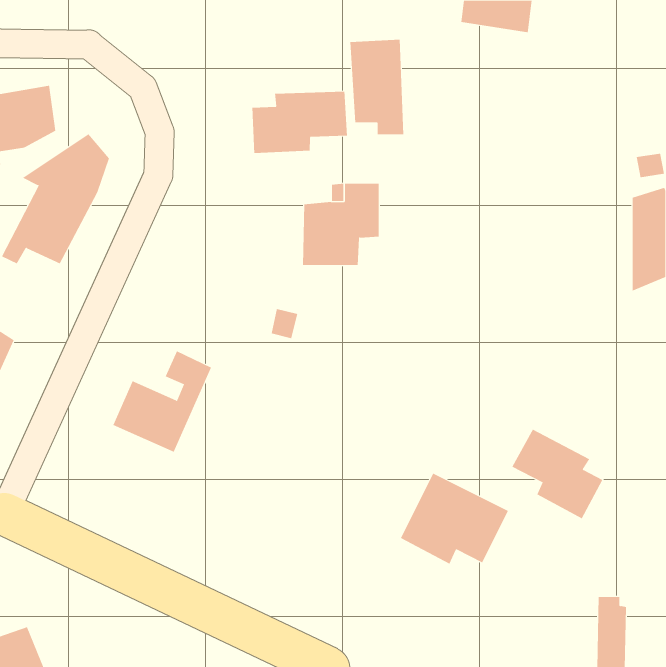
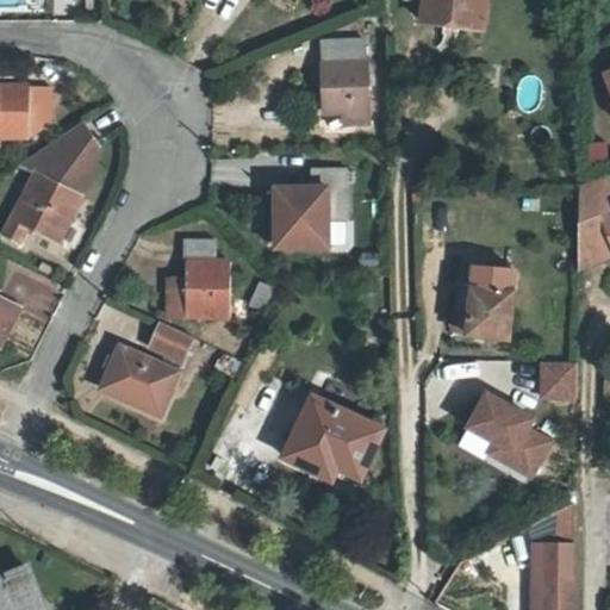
building: [252,91,347,154] -> none
building: none -> [168,238,231,318]
building: none -> [453,266,513,340]
building: none -> [535,361,573,400]
building: [400,473,509,564] -> [286,398,385,481]

